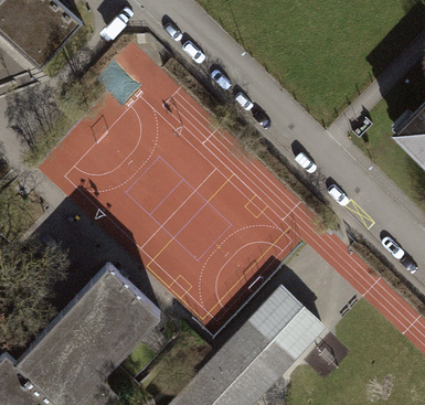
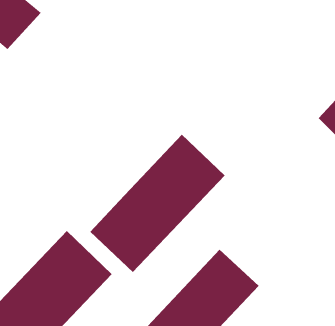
building: none -> [90,134,225,273]

